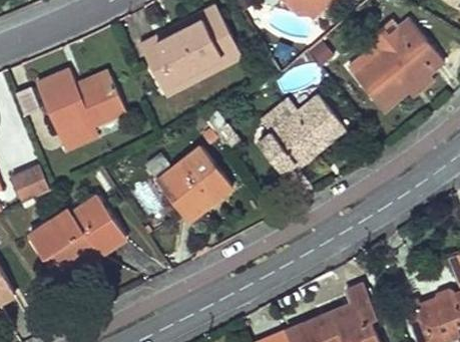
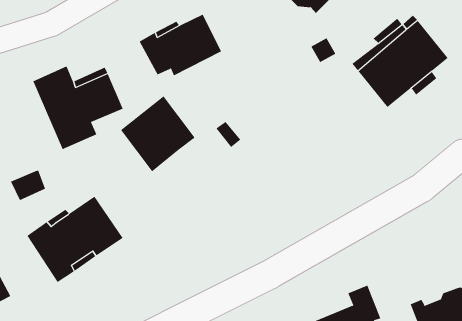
building: [260,95,345,173] -> none
building: [157,145,232,221] -> [120,96,196,172]

